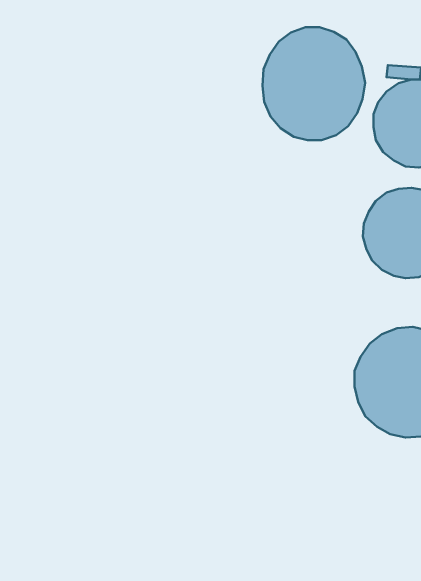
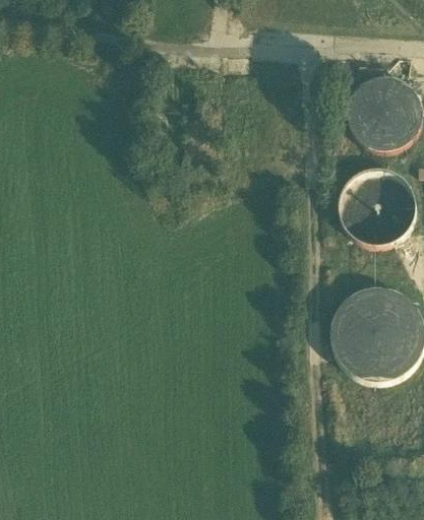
building: [263,27,365,140] -> none

